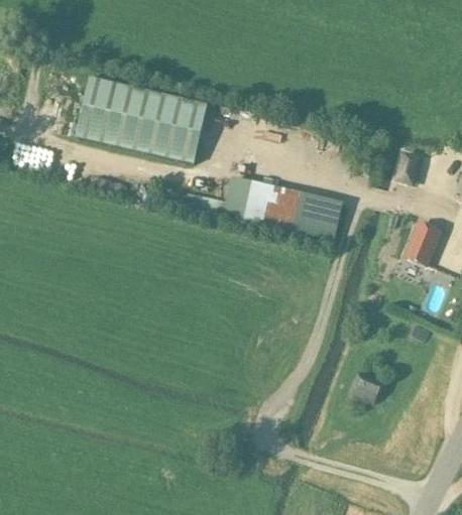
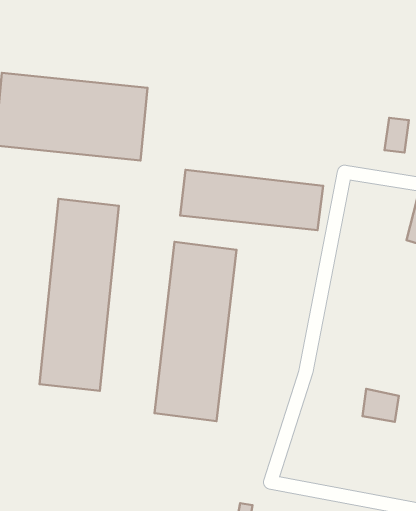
building: none -> [39,199,119,391]
building: none -> [154,242,236,421]

